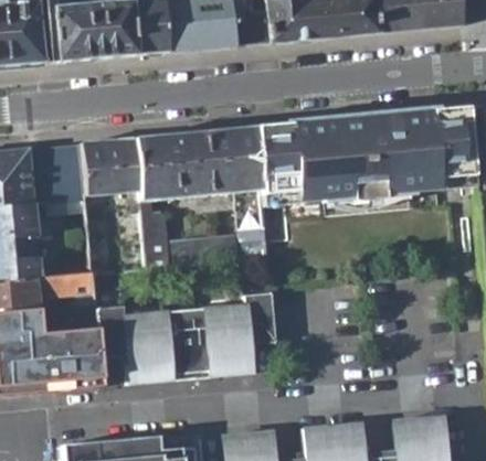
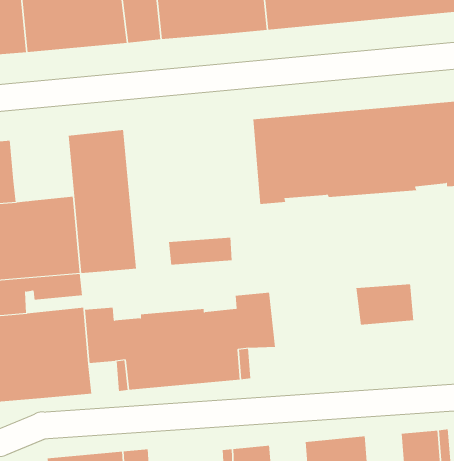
building: [136,126,268,267] -> none
building: [29,141,88,203] -> none
building: none -> [356,284,414,326]

